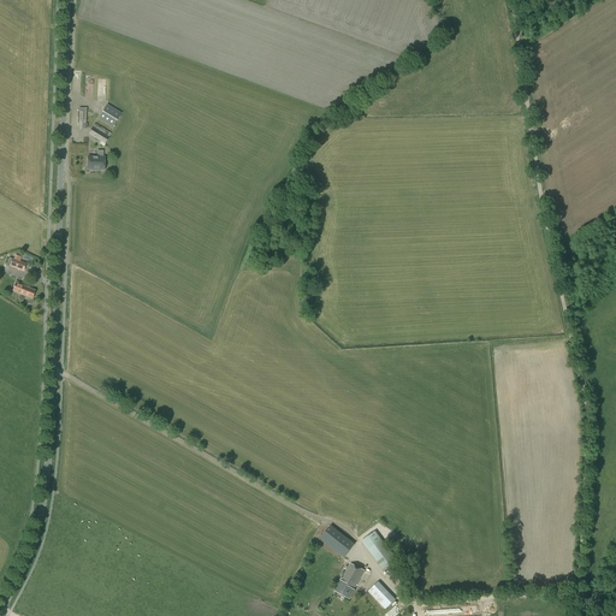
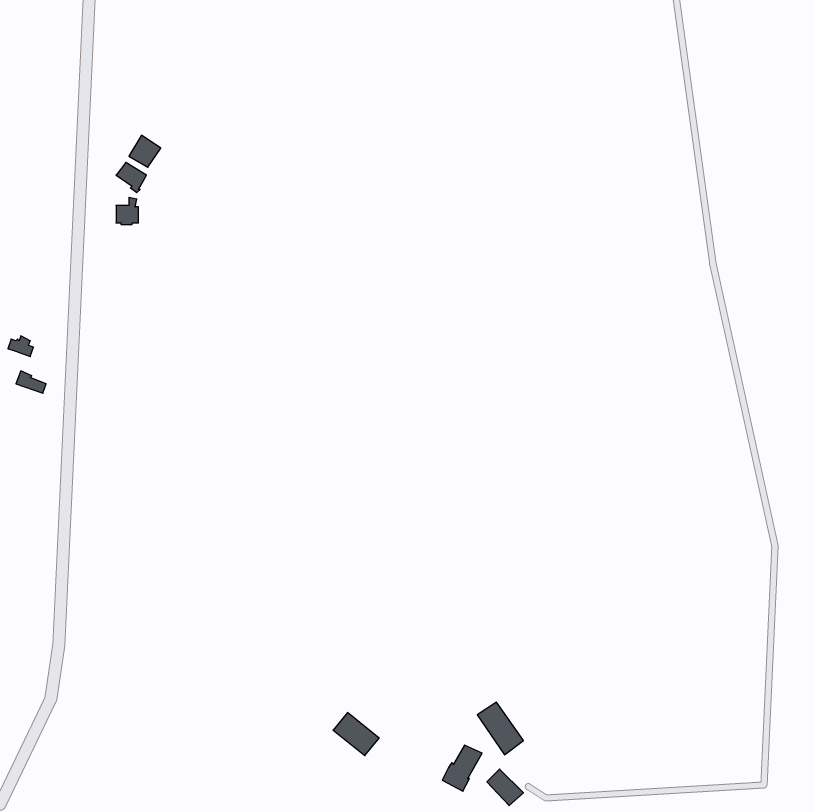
building: [320,525,355,557] -> [333,713,379,756]

